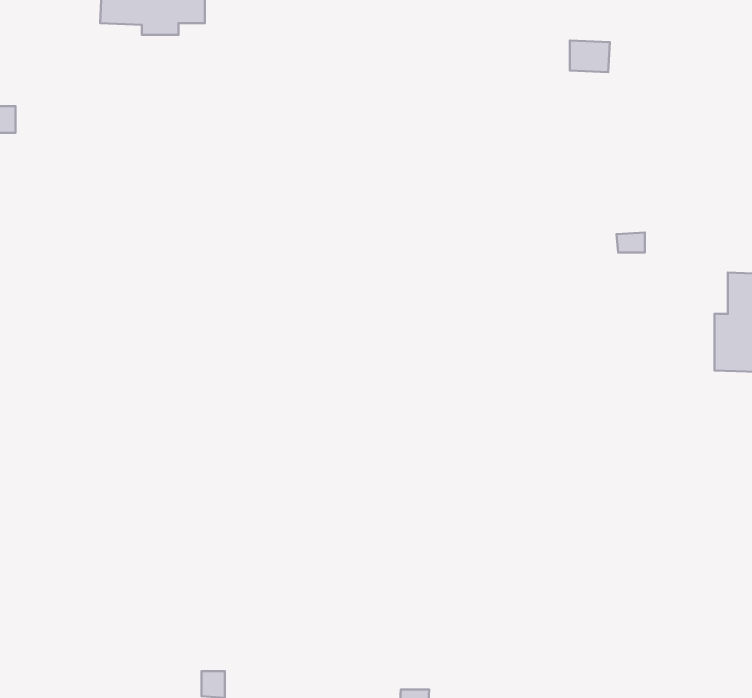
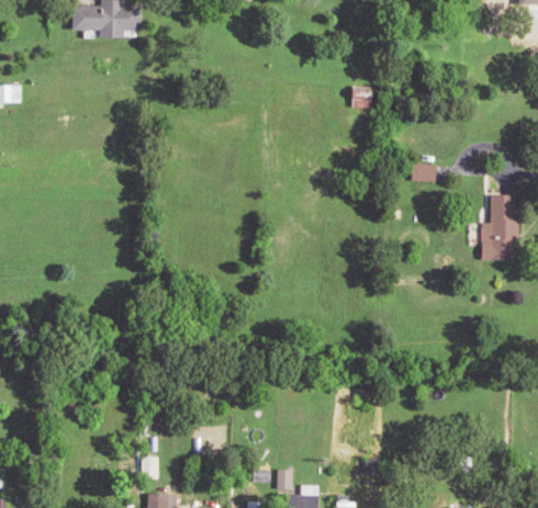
building: [570,41,610,72] -> [349,88,376,109]

